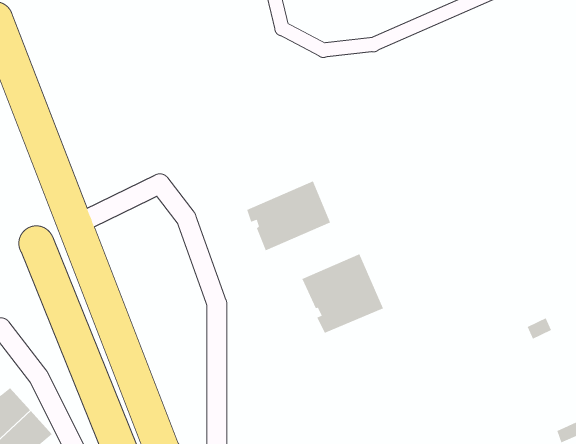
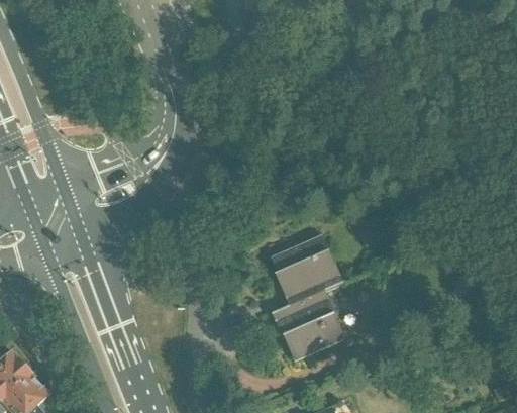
building: [247,181,331,251] -> none
building: none -> [272,282,344,360]

